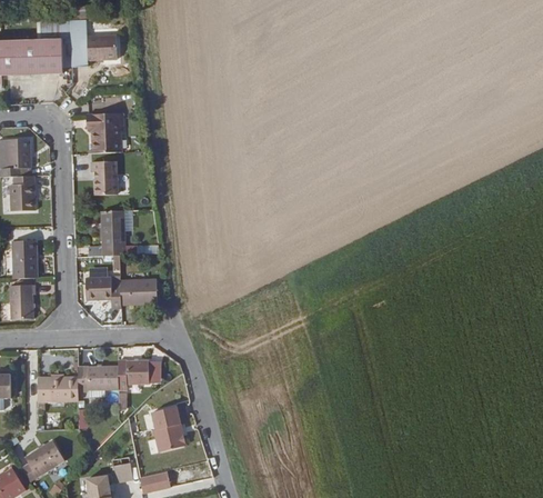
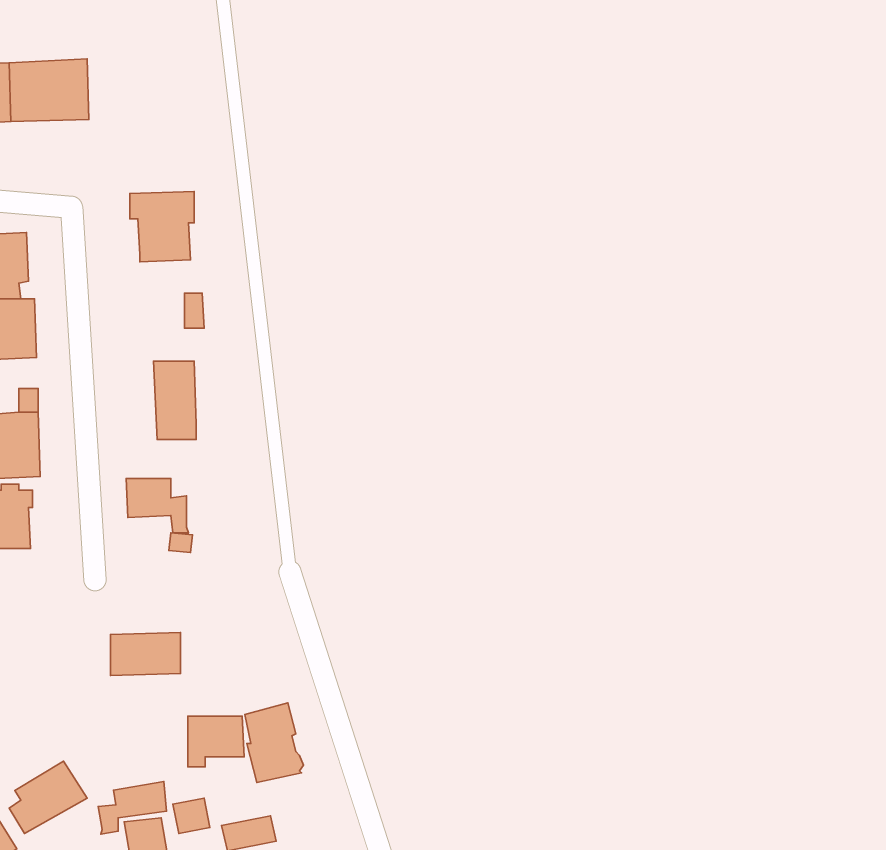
building: [72,21,119,69] -> none
building: [92,161,117,196] -> none
building: [120,279,155,306] -> none
building: [117,360,149,389] -> [188,716,244,767]
building: [37,376,77,401] -> none
building: none -> [98,782,167,834]

